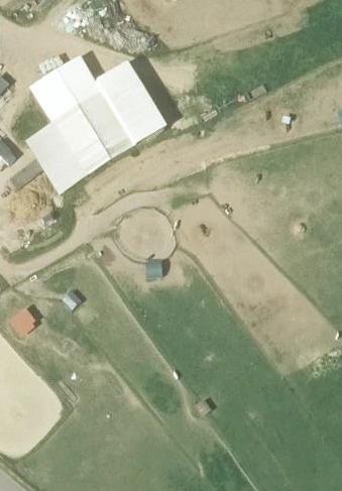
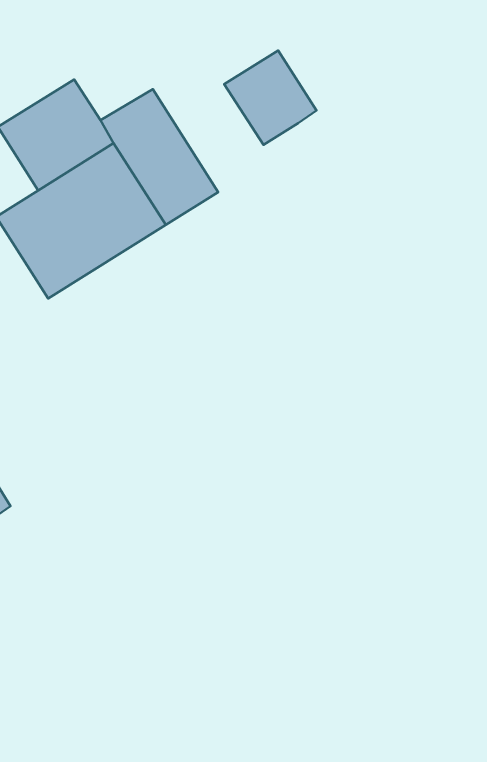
building: none -> [224,50,316,145]

